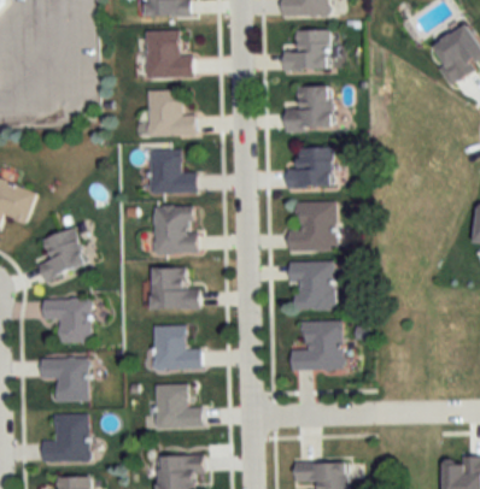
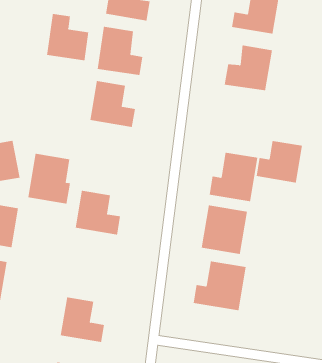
building: none -> [46,13,89,61]
building: [286,147,330,188] -> [256,140,303,183]
building: [154,206,198,254] -> [27,153,71,204]
building: [153,325,200,370] -> none

